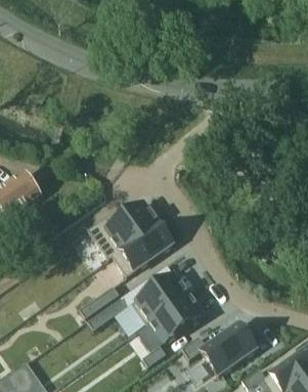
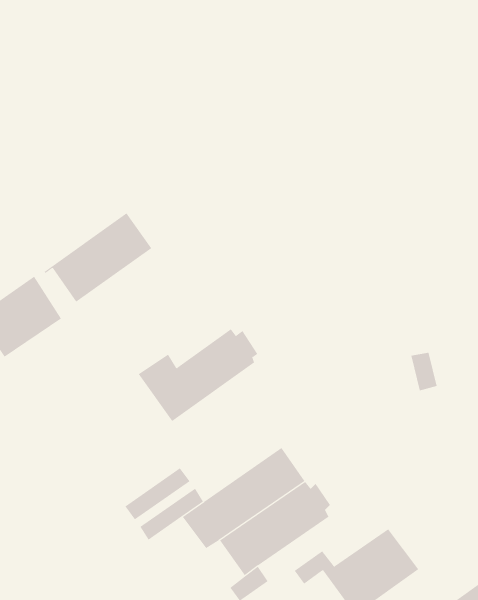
building: [107,222,173,276] -> [44,213,152,302]

